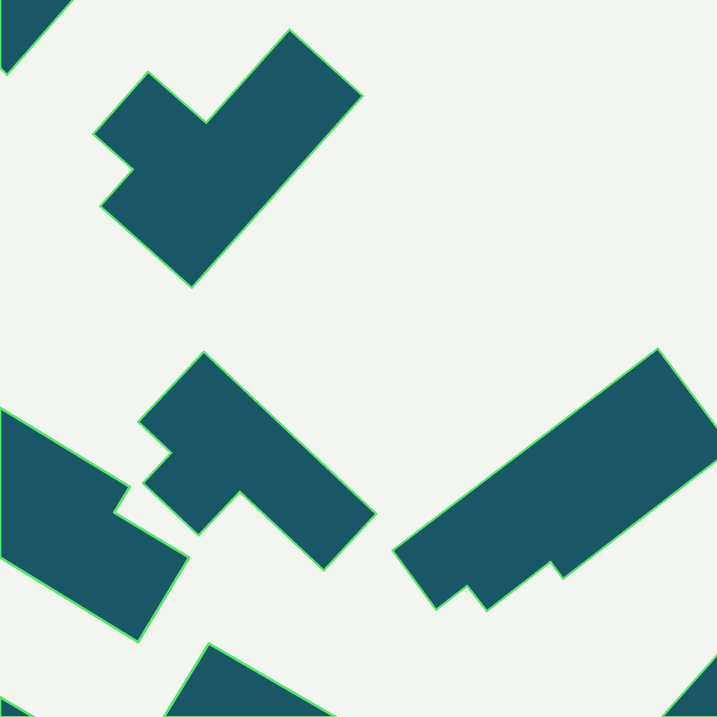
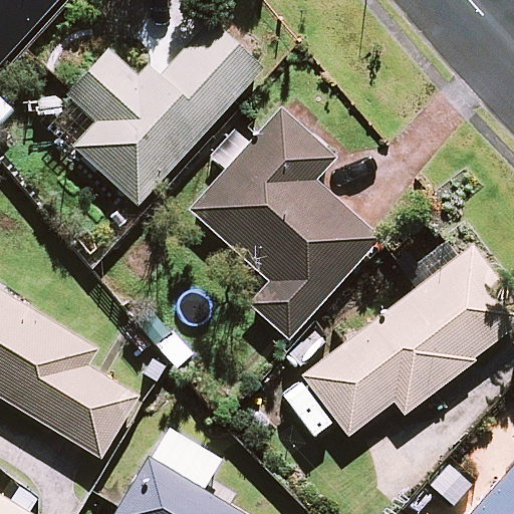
building: none -> [192,111,377,337]
building: [138,352,376,571] -> none

